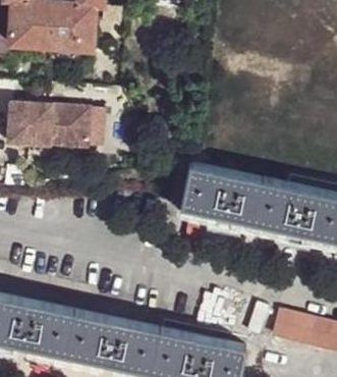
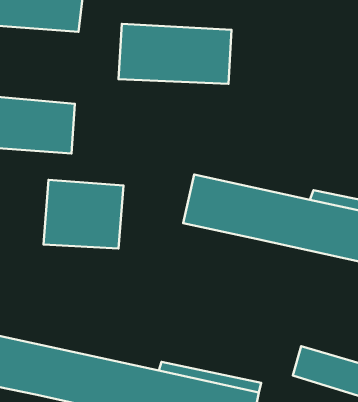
building: none -> [119,24,232,84]
building: none -> [44,180,123,249]

